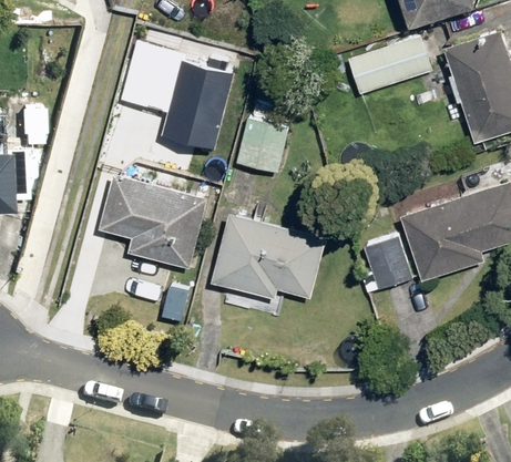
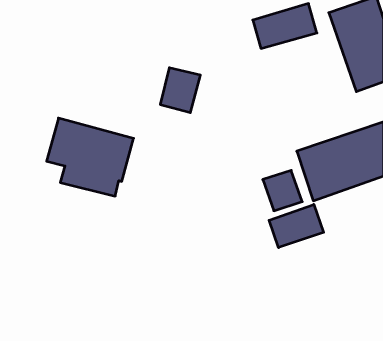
building: [125,47,233,150] -> none
building: [211,216,319,300] -> none
building: none -> [269,204,324,248]

